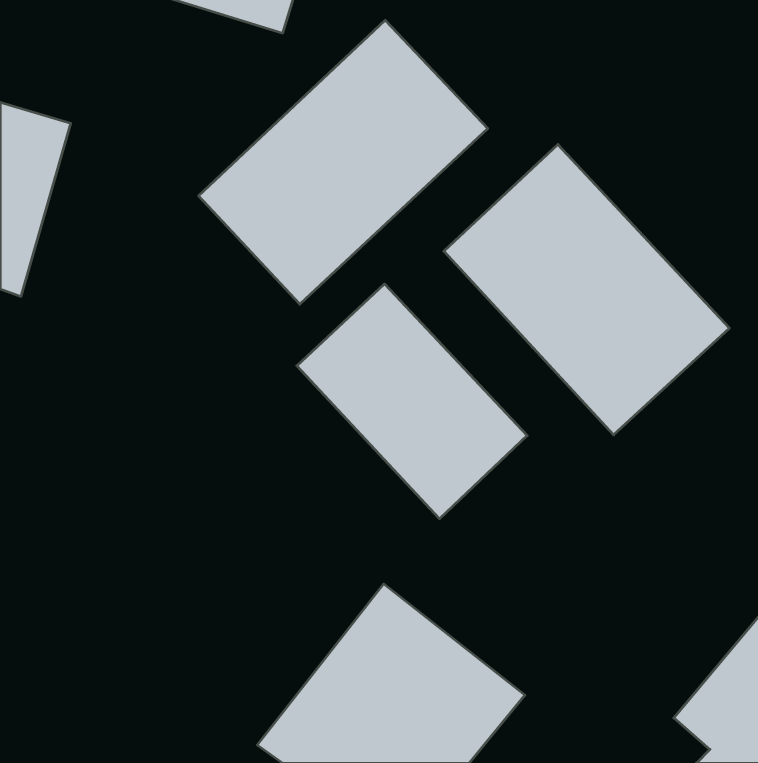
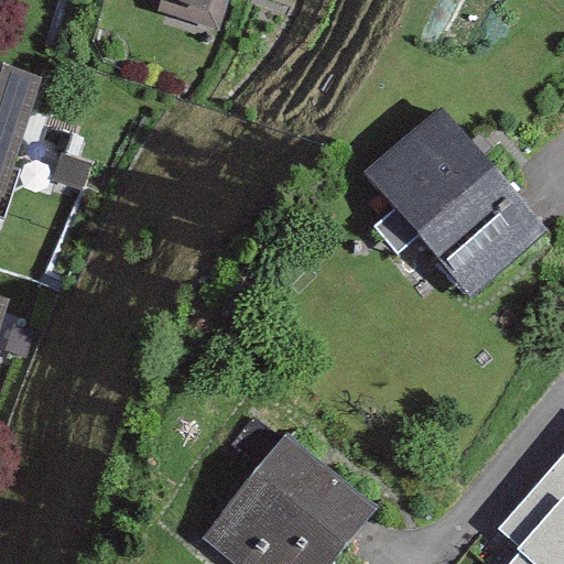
building: [199,20,488,304] -> none
building: [297,284,527,519] -> none

